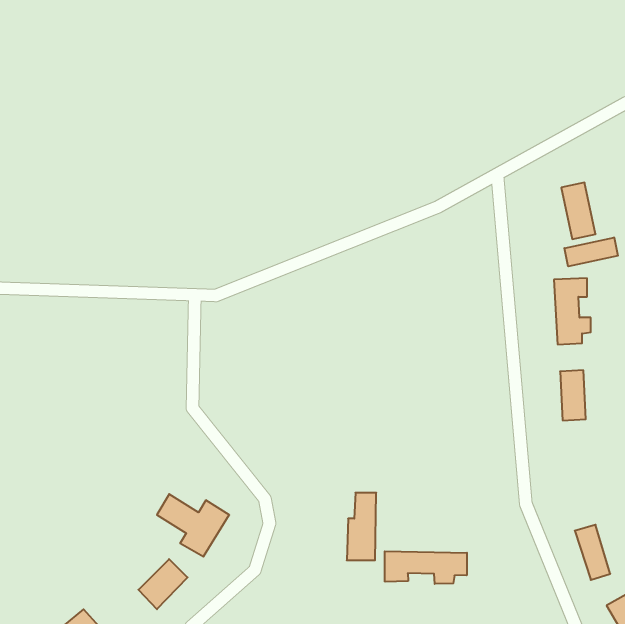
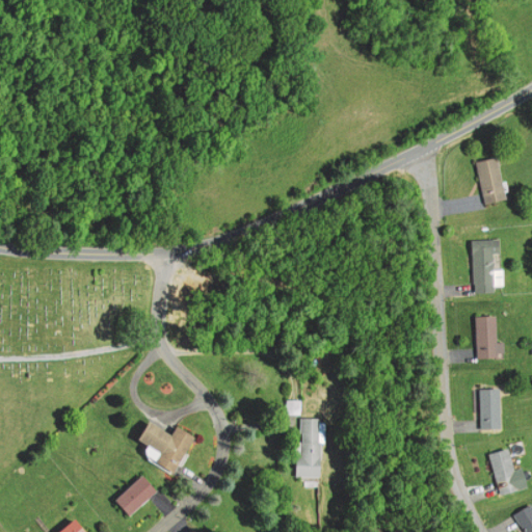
building: [564,237,618,266] -> none
building: none -> [480,388,500,429]
building: [385,551,467,584] -> none

